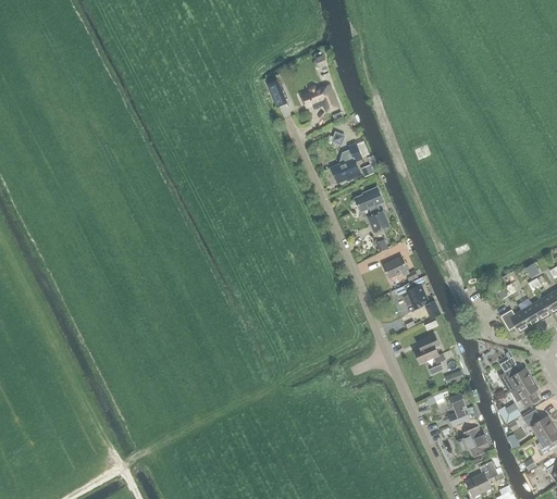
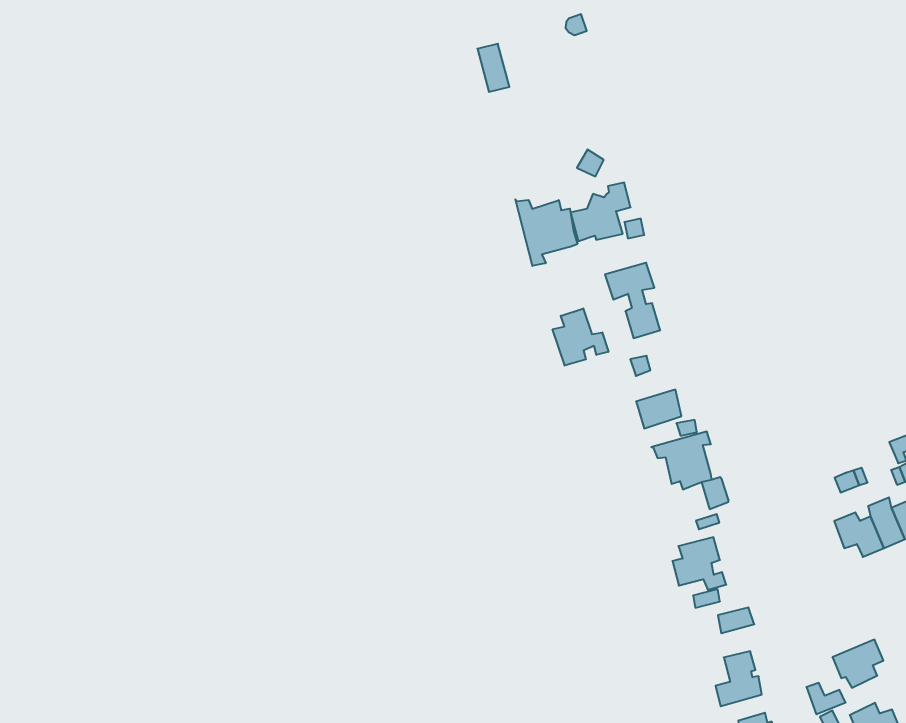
building: [302,84,338,112] -> none
building: none -> [515,199,577,266]
building: none -> [553,308,608,366]
building: [498,364,532,391] -> none

